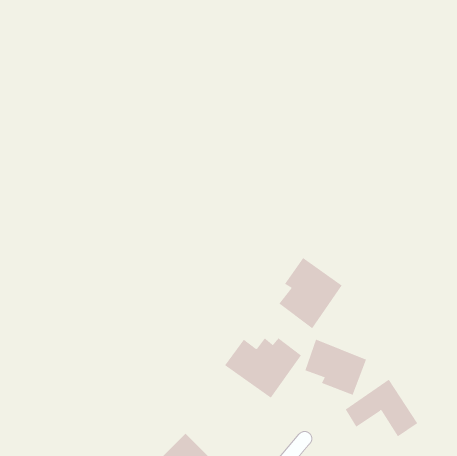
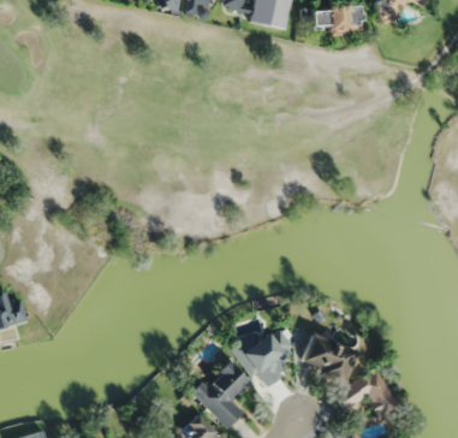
building: [279,257,342,329] -> none
building: none -> [195,362,250,428]

